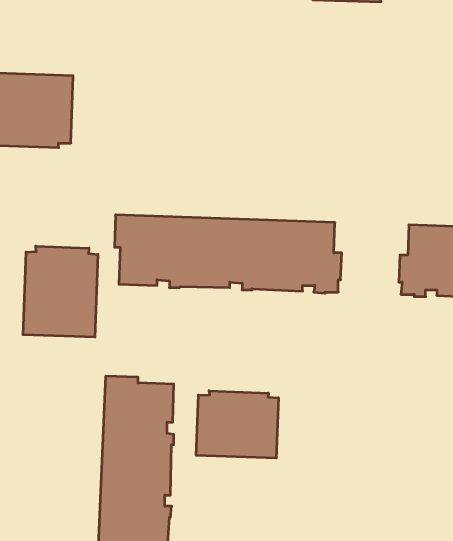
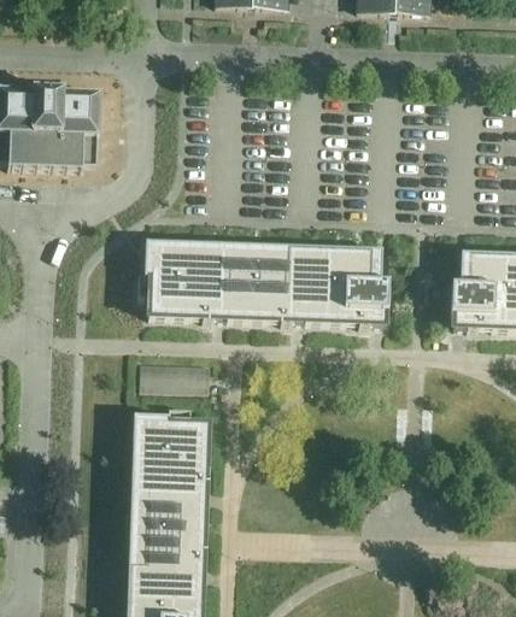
building: [23,246,98,337] -> none
building: [196,391,278,458] -> none

